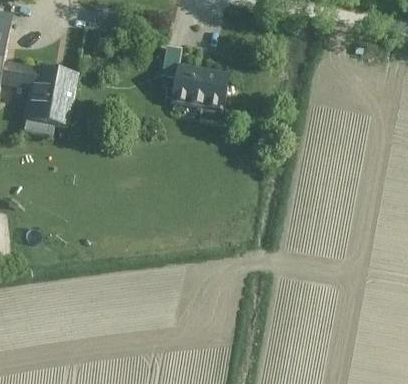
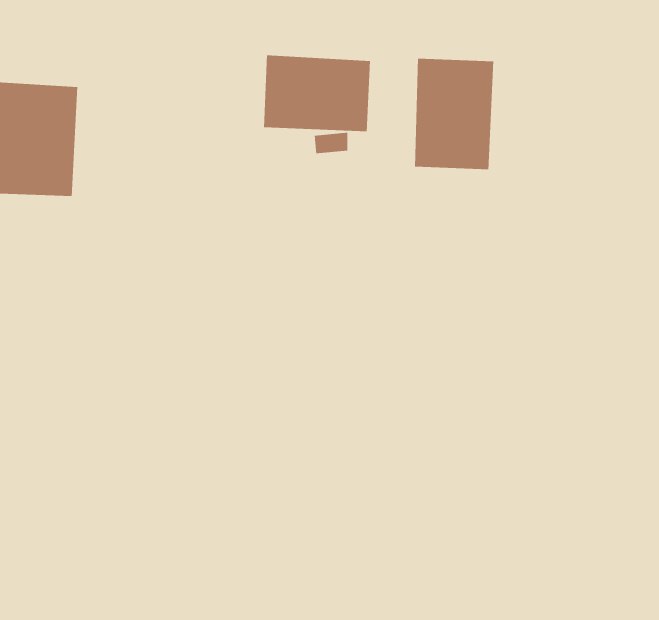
building: none -> [414,58,494,170]

